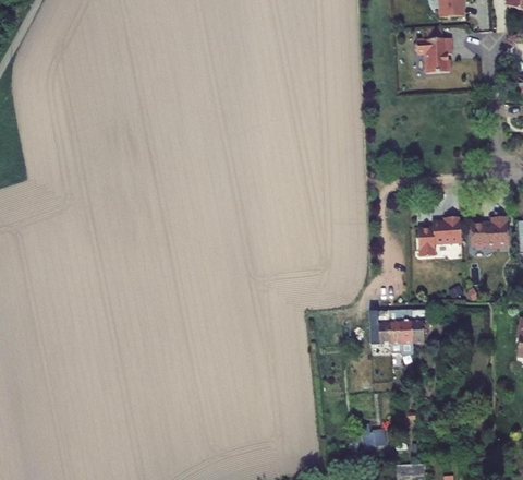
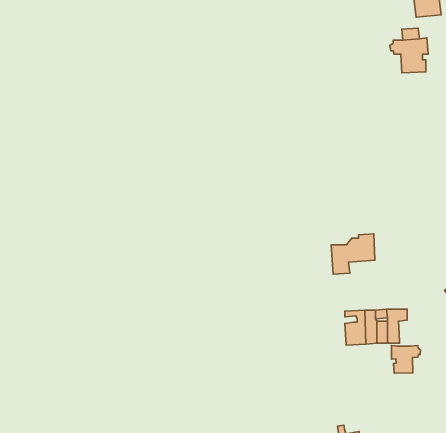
building: [417,216,461,256] -> [331,234,375,274]
building: none -> [392,346,421,373]

